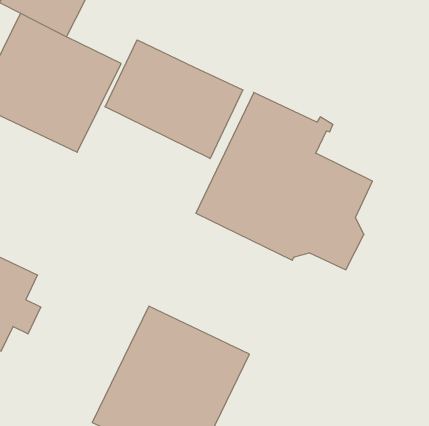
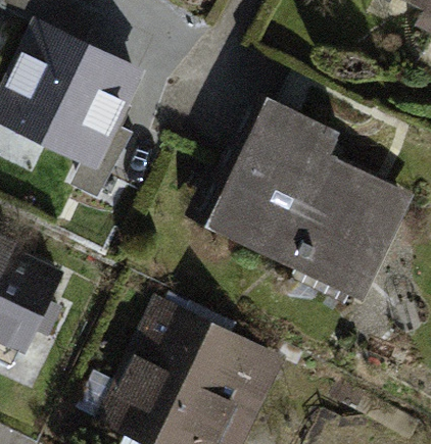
building: [105,40,243,159] -> none

